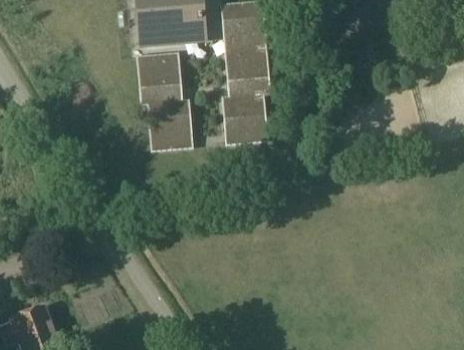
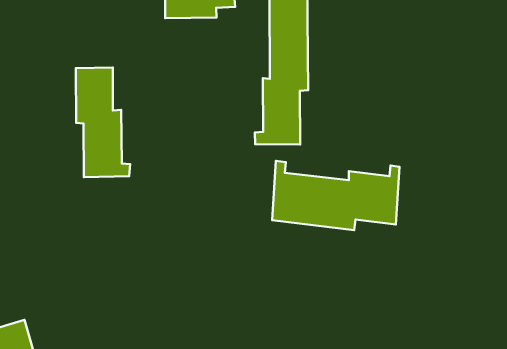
building: [139,55,191,149] -> [76,68,130,177]
building: none -> [272,161,400,230]

